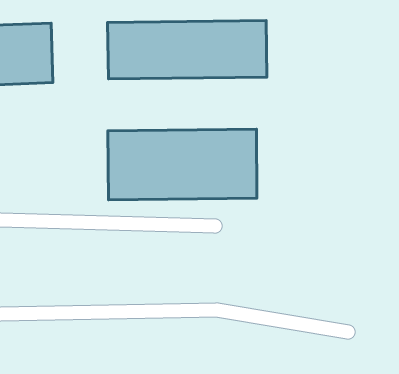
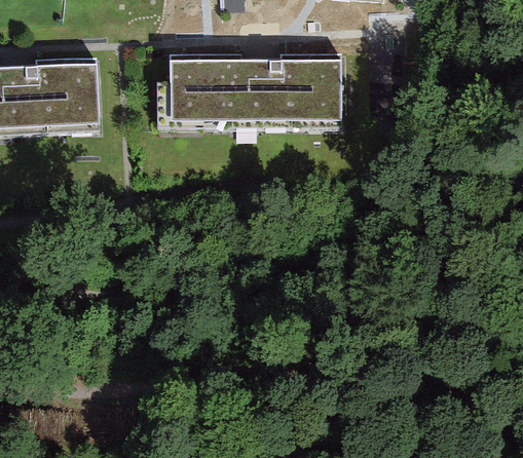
building: [108,129,257,200] -> none

